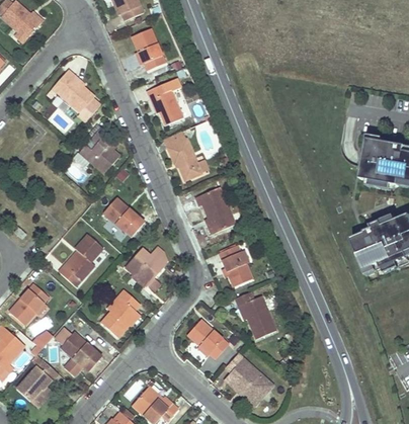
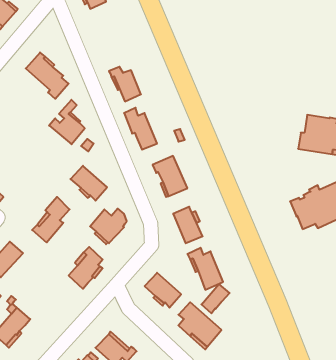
building: [133,28,165,70] -> none
building: [55,326,102,375] -> none
building: none -> [201,284,230,313]

